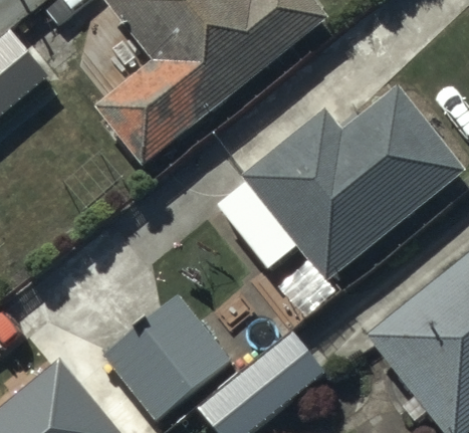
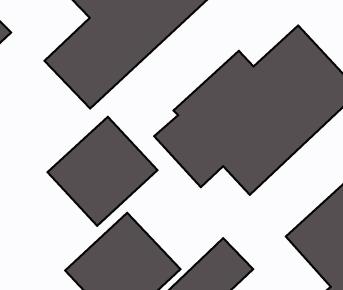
building: none -> [48,117,157,226]

